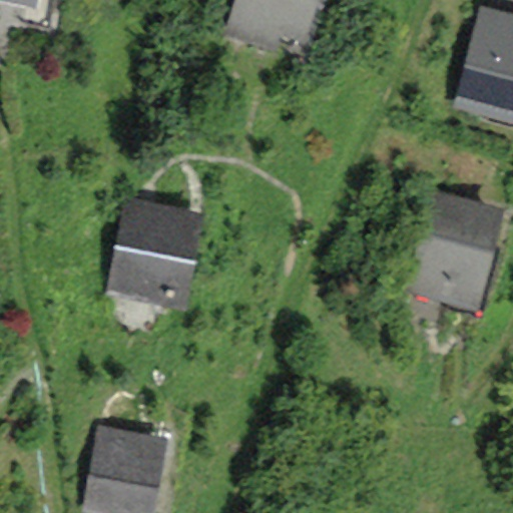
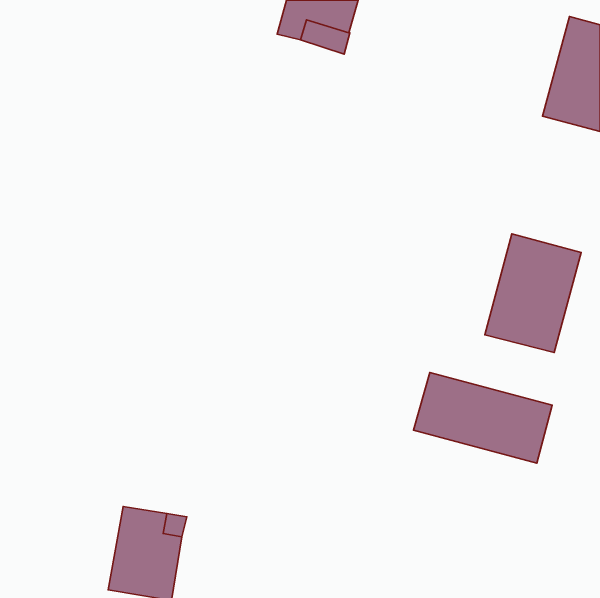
building: [119,211,188,300] -> none
building: none -> [413,373,552,463]

